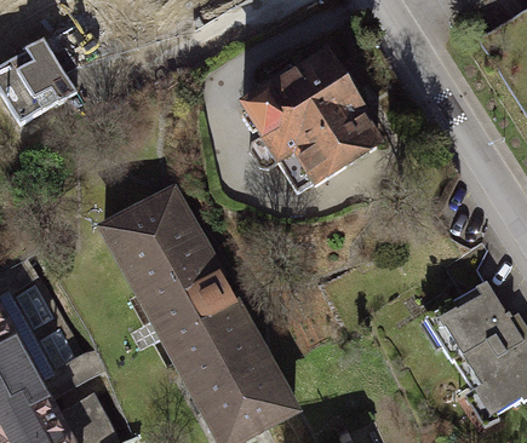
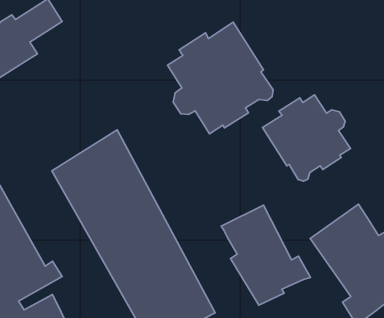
building: none -> [263,95,350,181]
building: none -> [221,205,311,305]

